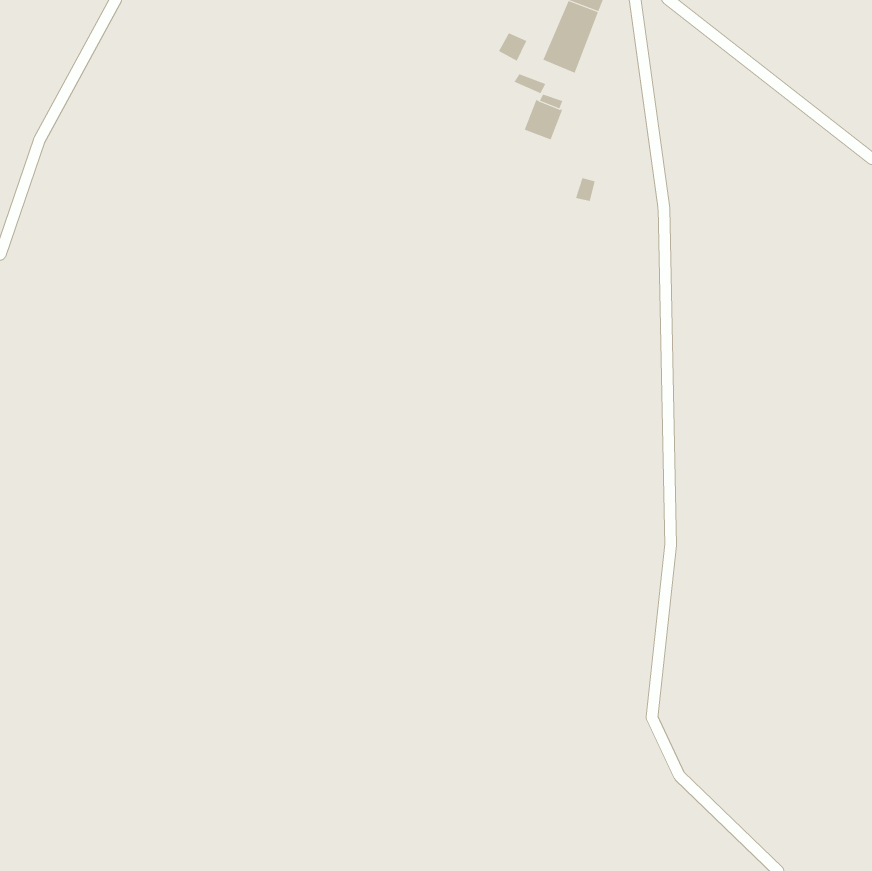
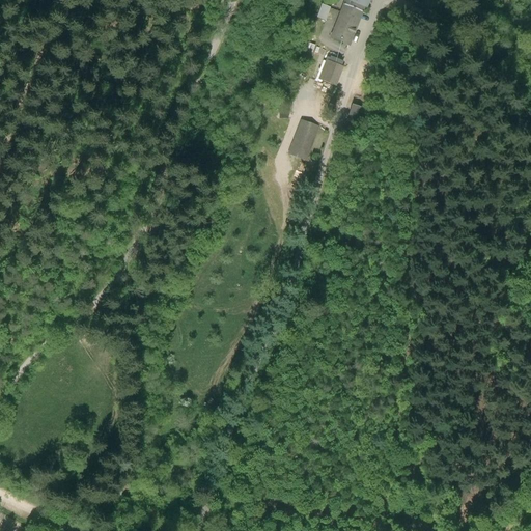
building: none -> [289,121,316,158]

